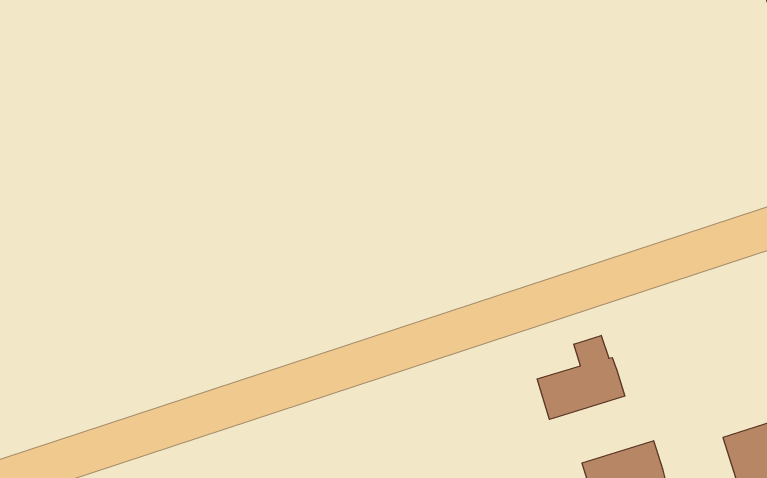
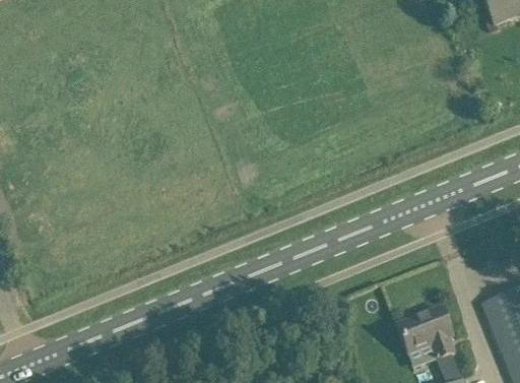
building: [537,335,625,419] -> none

